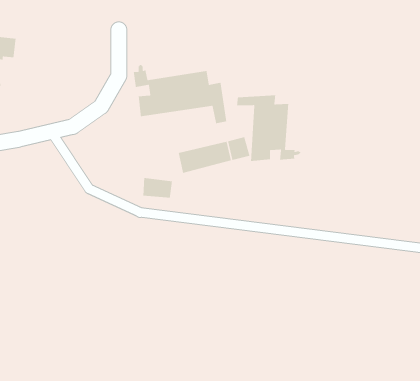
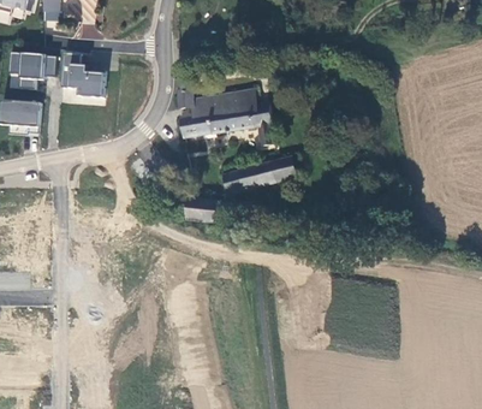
building: none -> [60,52,105,96]
building: [236,94,301,162] -> none

